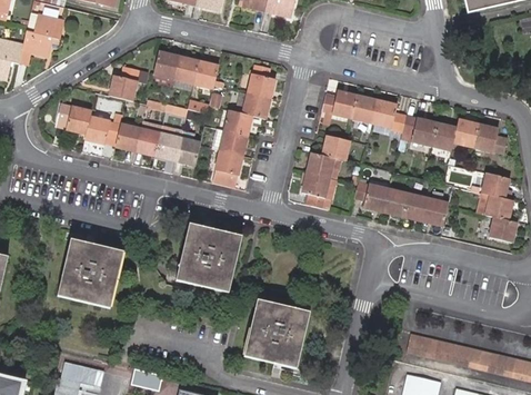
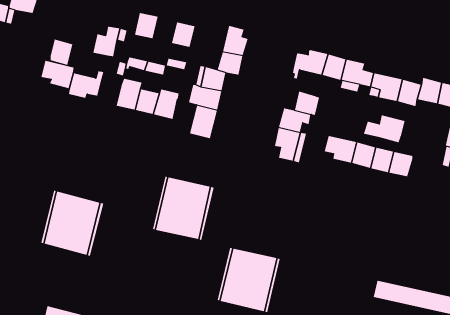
building: [176,57,200,85] -> none
building: [117,122,142,150] -> [49,39,73,66]
building: none -> [363,115,405,143]

